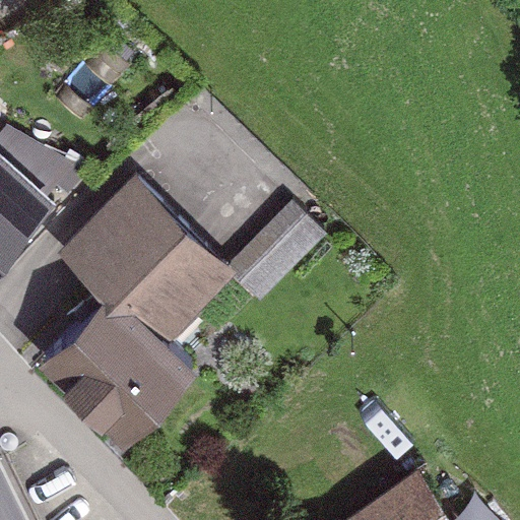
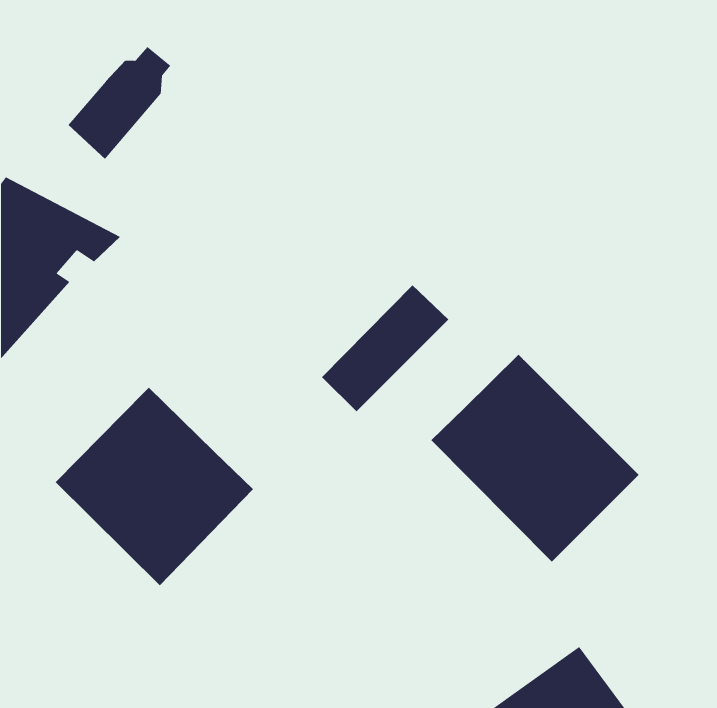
building: [71,184,219,333] -> none
building: none -> [431,354,640,563]

